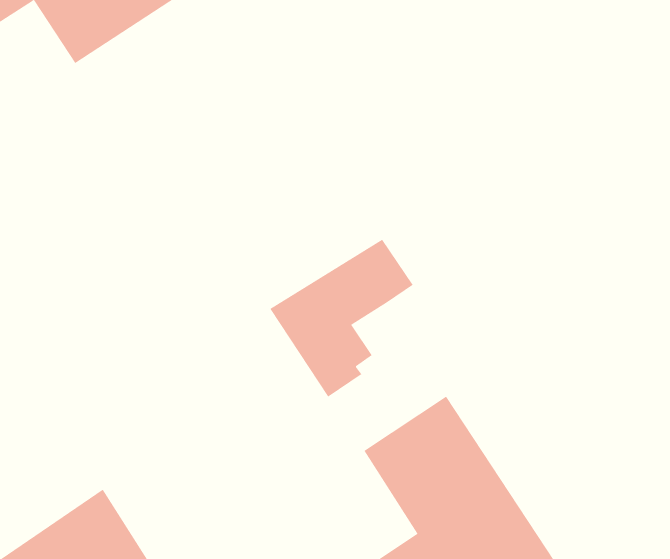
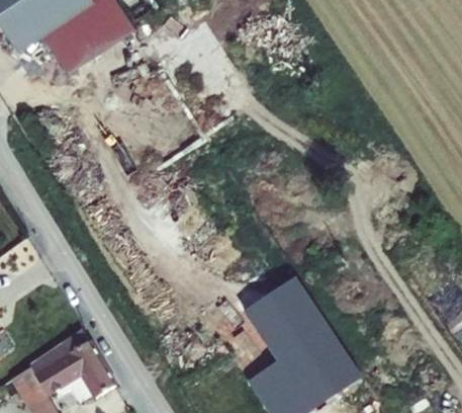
building: [269,239,413,398] -> none

